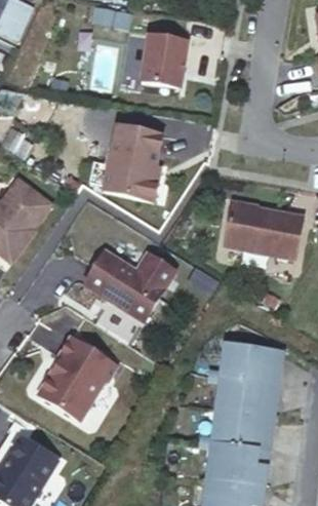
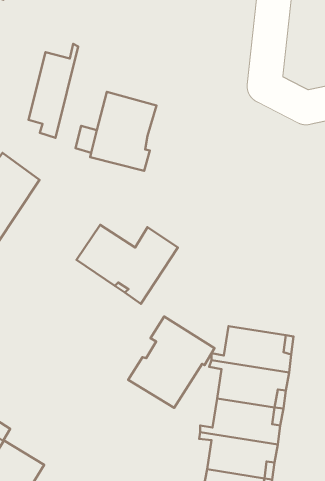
building: [140,45,187,99] -> none
building: none -> [29,44,78,138]
building: [228,200,307,256] -> none
building: [37,330,116,414] -> [128,317,215,408]

